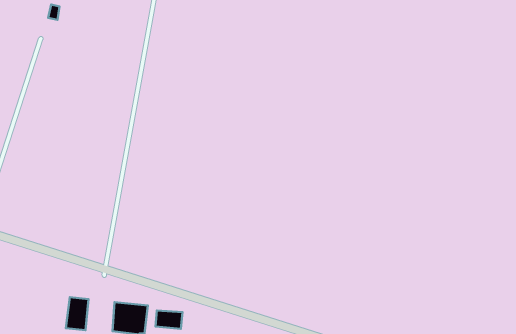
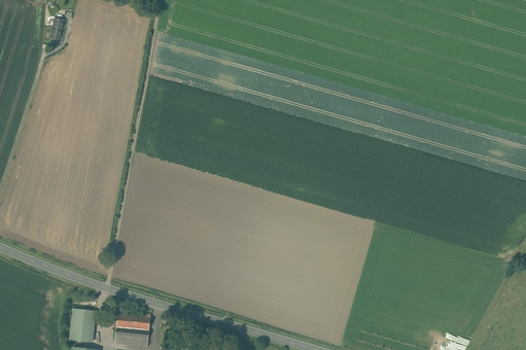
building: [156,311,182,329] -> none

